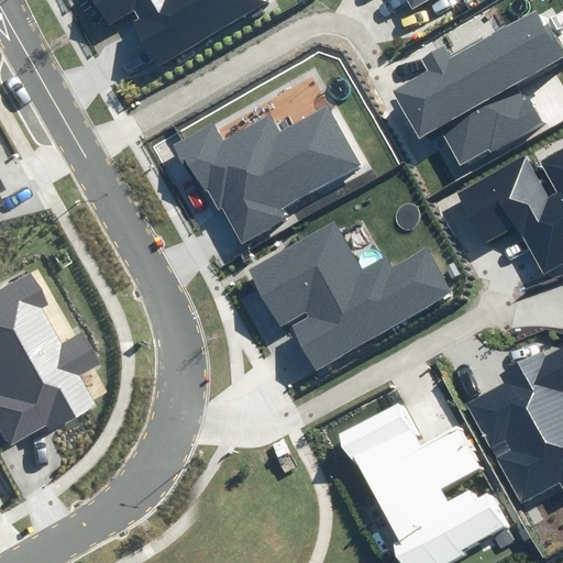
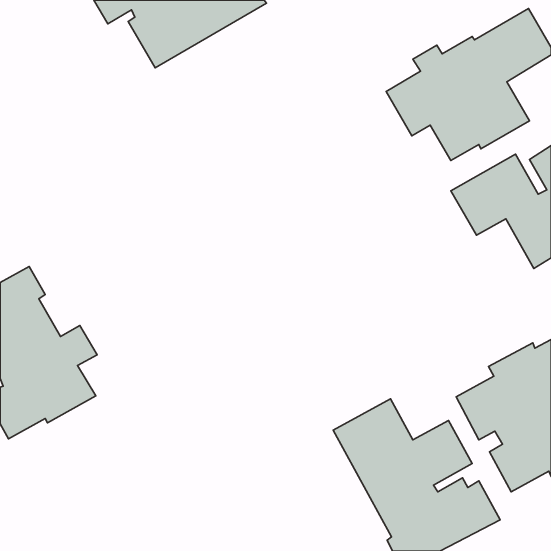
building: [177,108,360,243] -> none
building: [247,219,453,368] -> none

